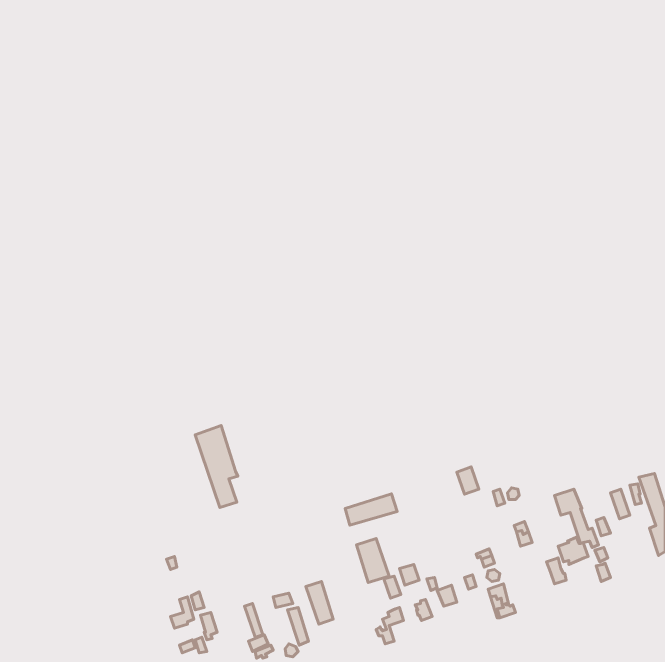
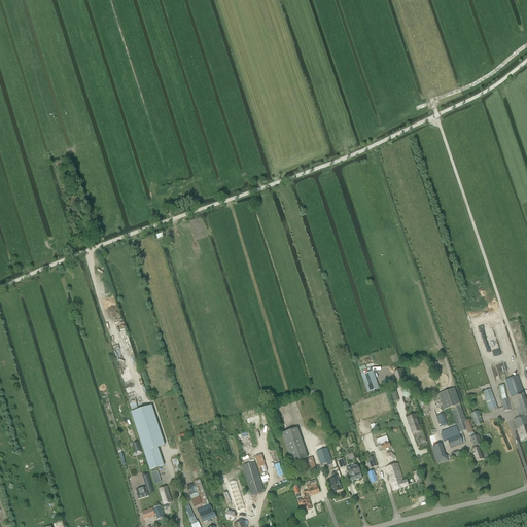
building: [195,426,238,508] -> [131,403,165,468]
building: [345,494,397,525] -> none

